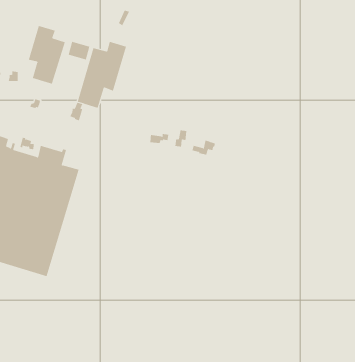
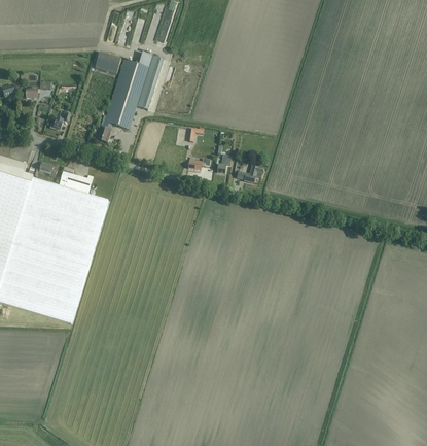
building: [28,25,65,85] -> none

